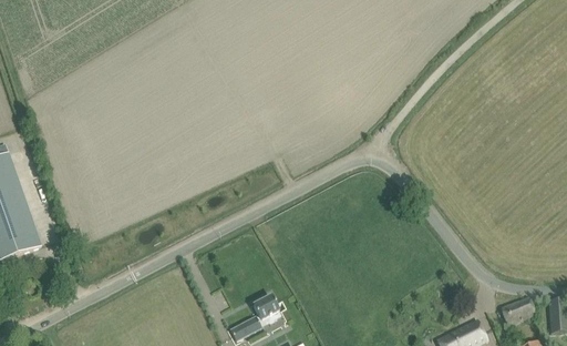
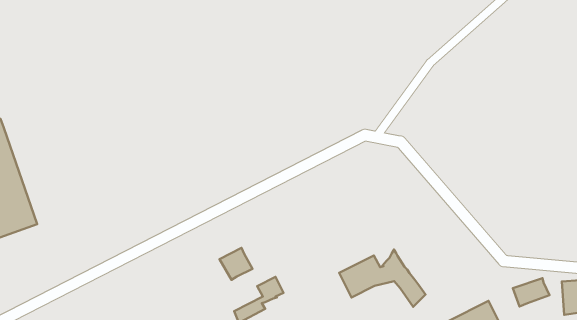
building: none -> [219,248,253,280]
building: none -> [339,249,425,307]

